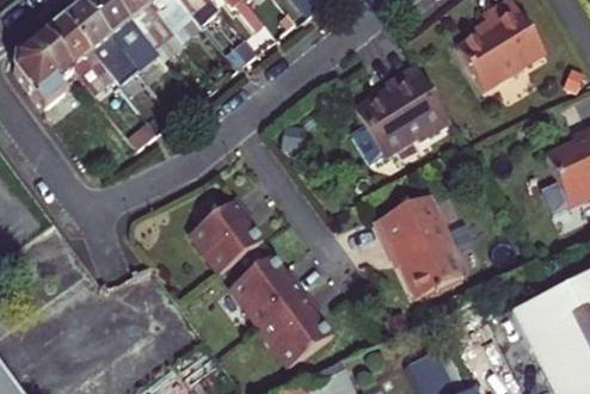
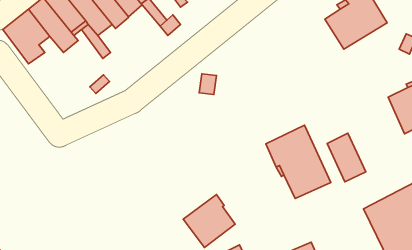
building: [356,64,451,156] -> none
building: [190,196,263,271] -> none
building: none -> [327,133,366,182]
building: [231,253,306,325] -> none

